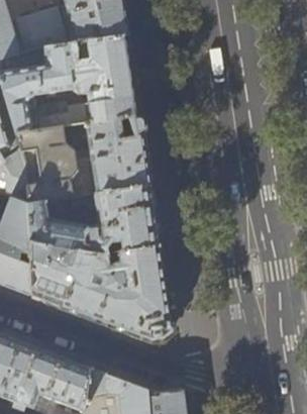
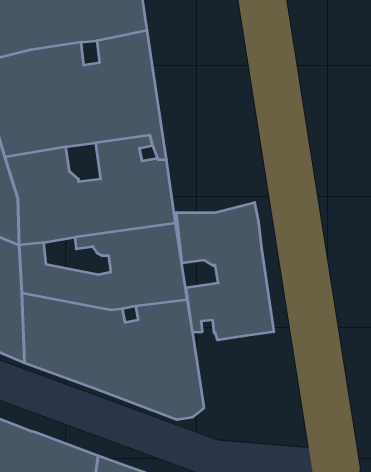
building: none -> [176,202,274,340]

